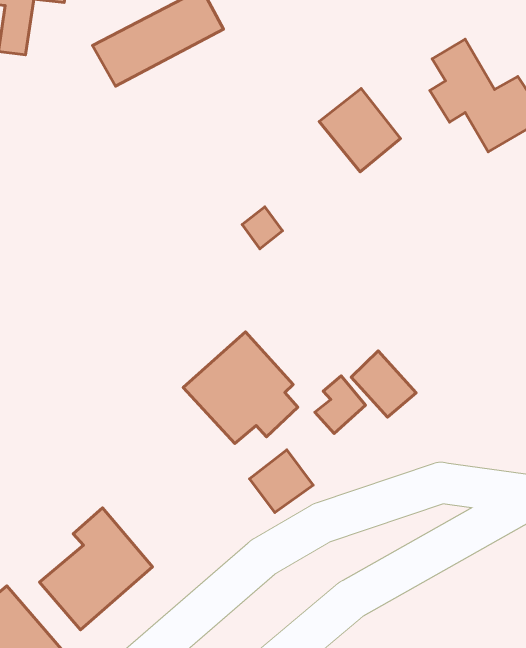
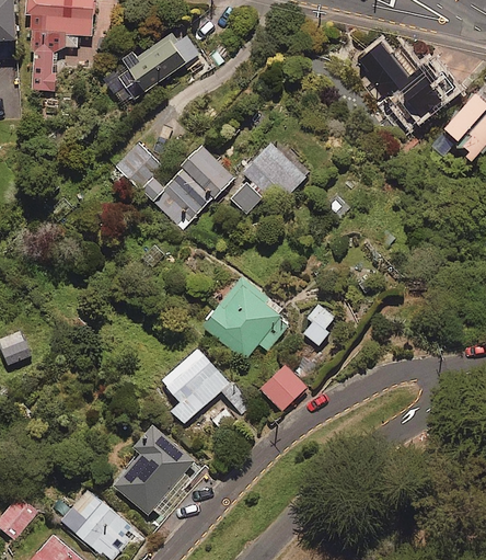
building: [319,88,401,172] -> [243,142,305,205]
building: none -> [116,142,235,229]
building: [351,351,416,417] -> none
building: none -> [160,345,231,424]

